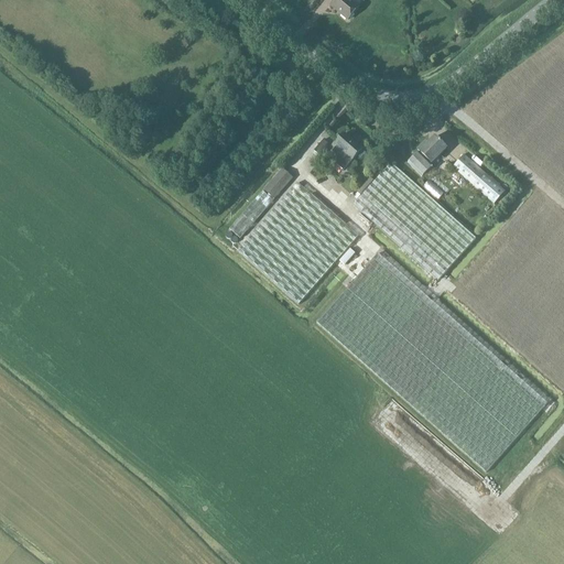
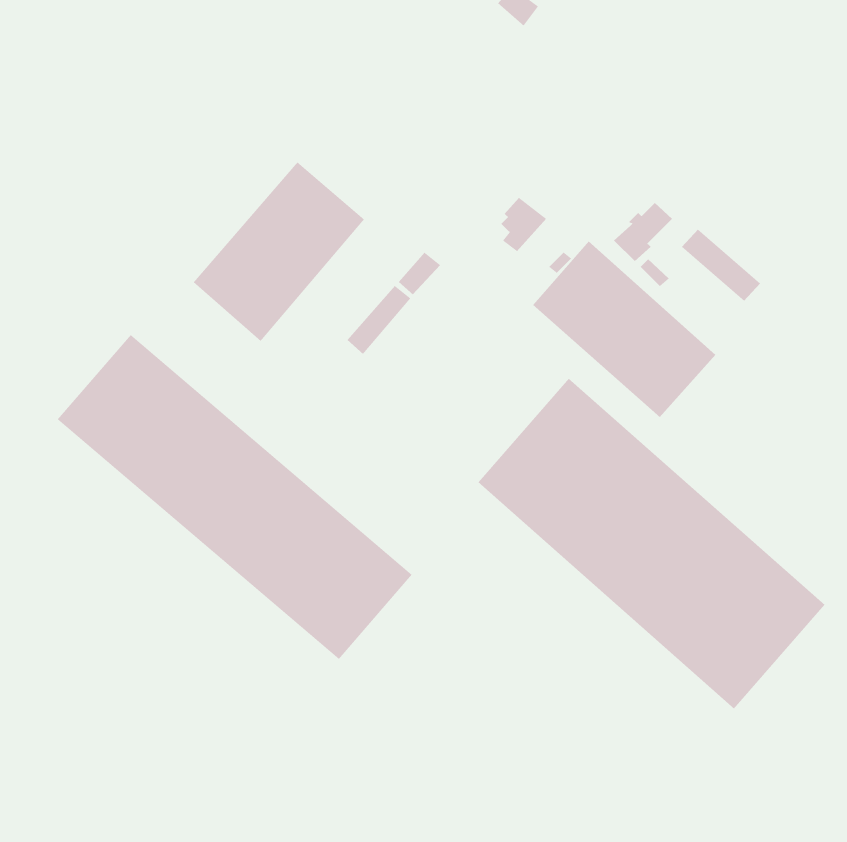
building: none -> [193,162,365,342]
building: [238,181,358,303] -> none
building: none -> [57,334,413,660]

